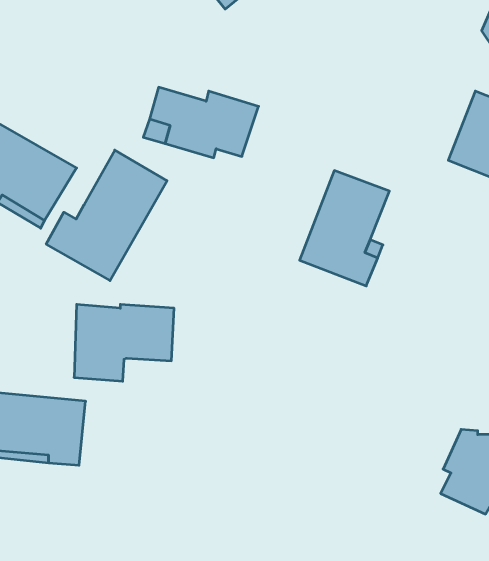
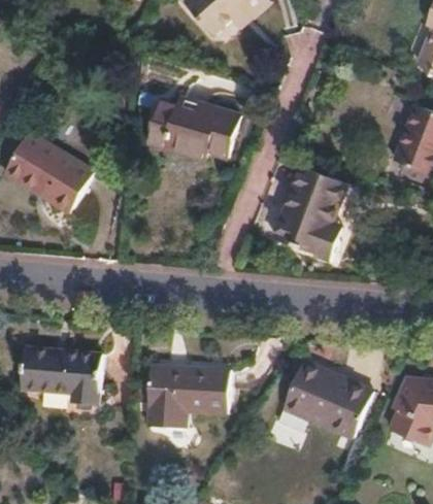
building: [46,150,167,281] -> none
building: [74,304,174,381] -> [148,367,229,429]
building: none -> [274,364,369,434]

